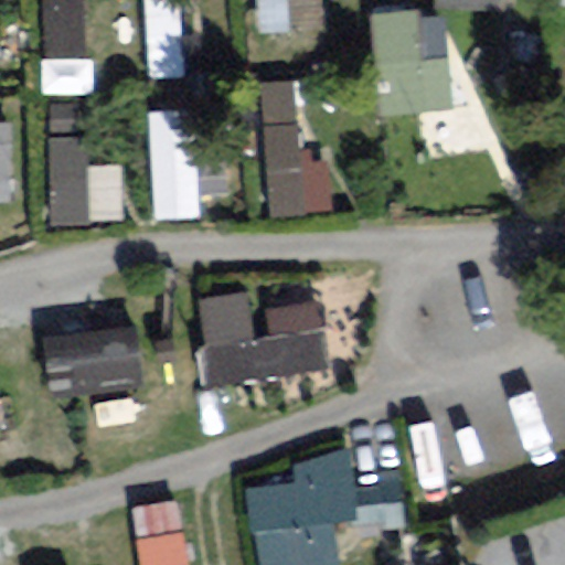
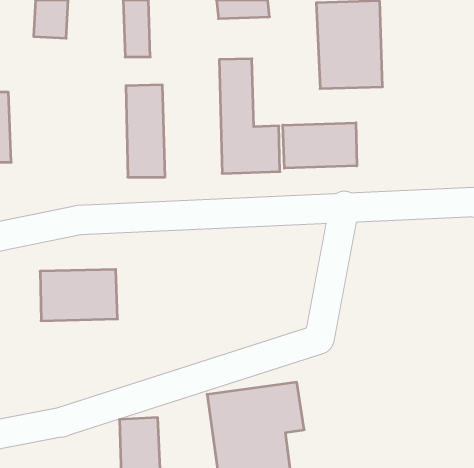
building: [49,149,121,224] -> none
building: none -> [283,123,357,168]
building: [195,281,331,384] -> none

